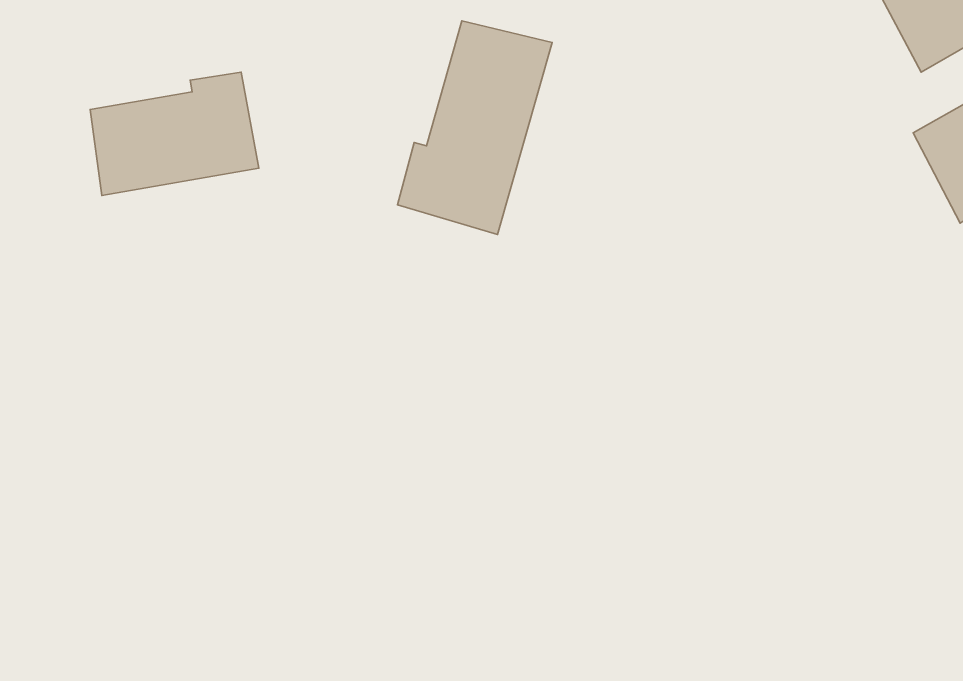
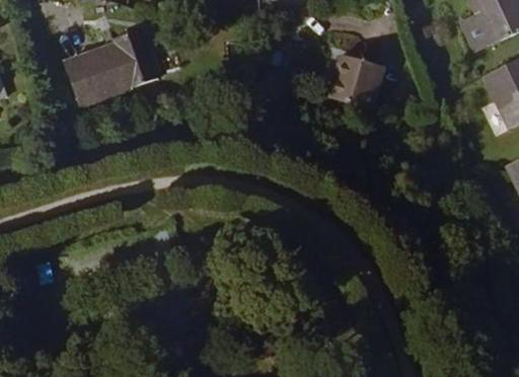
building: [397,21,552,235] -> none
building: none -> [329,55,383,109]

